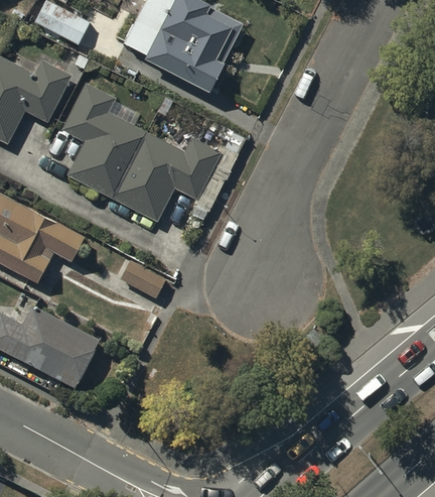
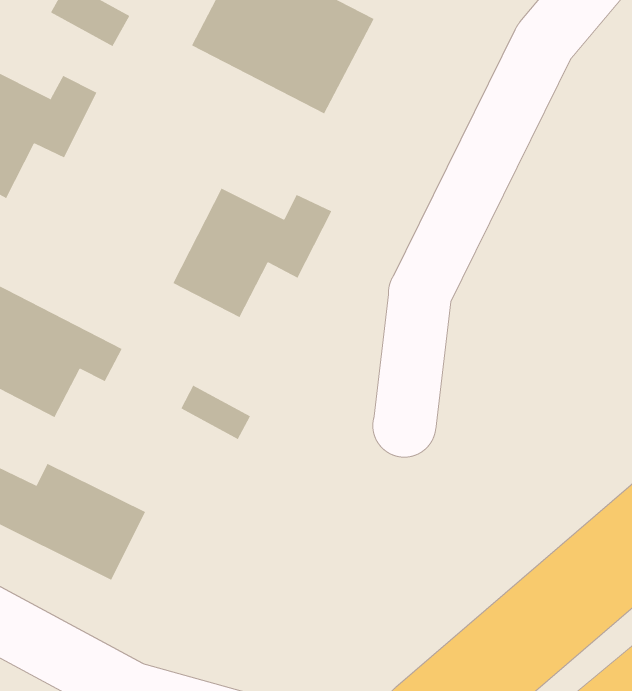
building: [68,87,145,196] -> none

